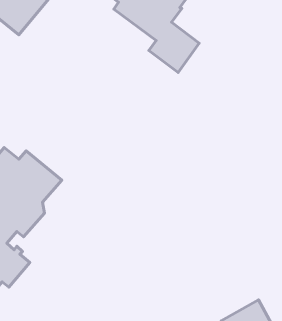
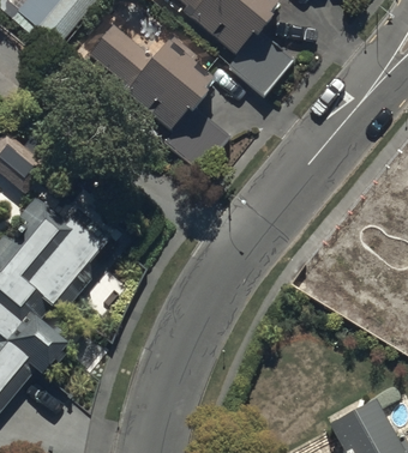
building: none -> [86,23,229,170]

